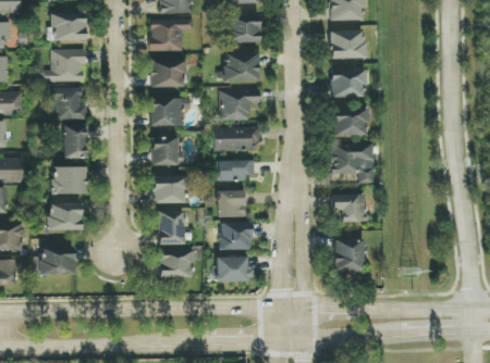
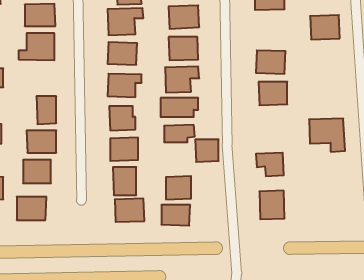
building: [329,29,365,59] -> [310,15,340,39]
building: [52,86,87,121] -> none
building: [331,143,375,184] -> [309,119,345,152]
building: [217,190,245,217] -> [195,139,219,162]

